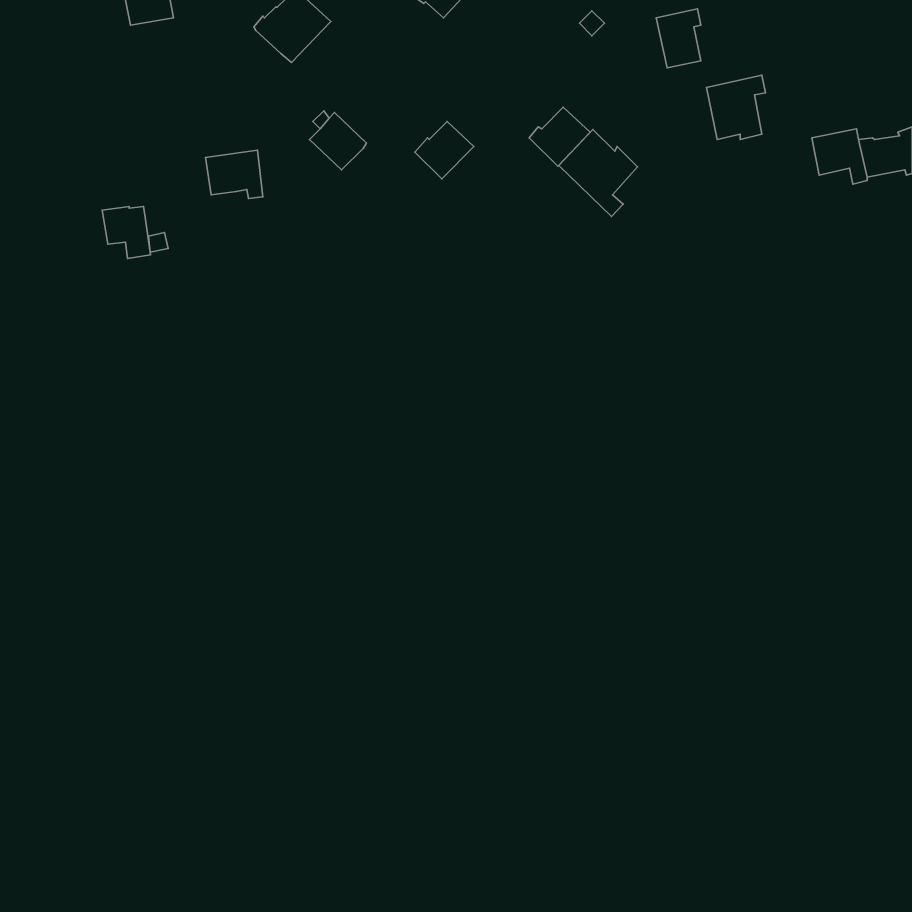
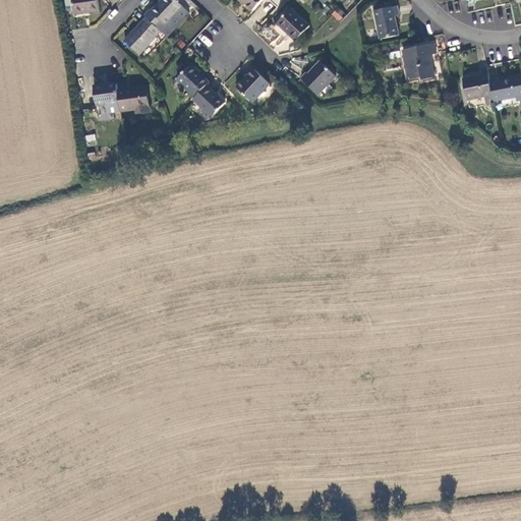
building: none -> [277,8,309,41]
building: none -> [124,17,160,54]
building: [559,129,637,217] -> none
building: none -> [192,84,225,117]
building: [102,207,151,258] -> [93,83,120,113]

